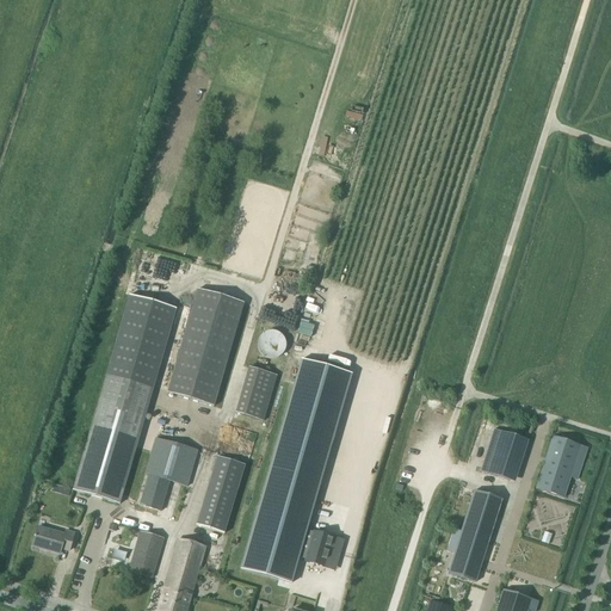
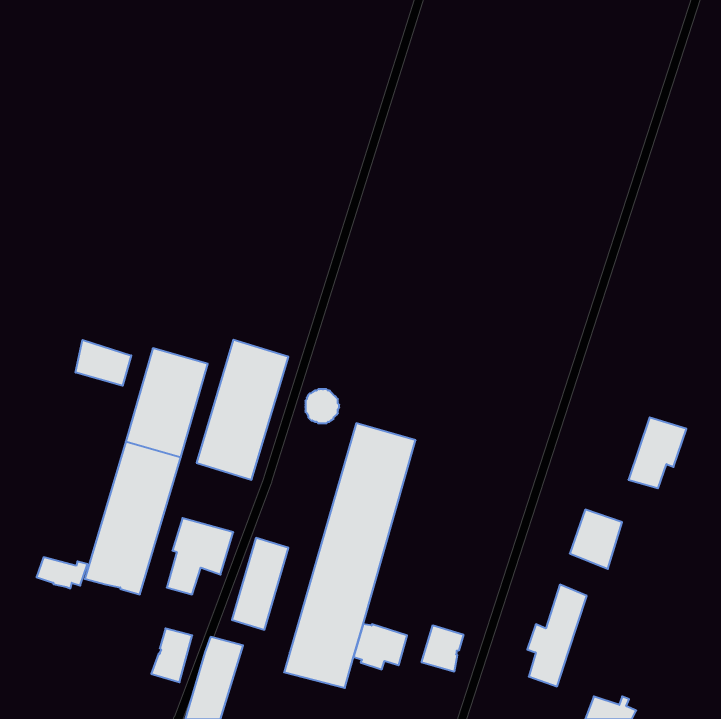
building: none -> [76,340,131,386]
building: [236,365,278,419] -> none
building: [538,436,587,495] -> [628,417,686,488]
building: [32,525,75,551] -> [36,557,87,588]
building: none -> [422,625,463,672]

